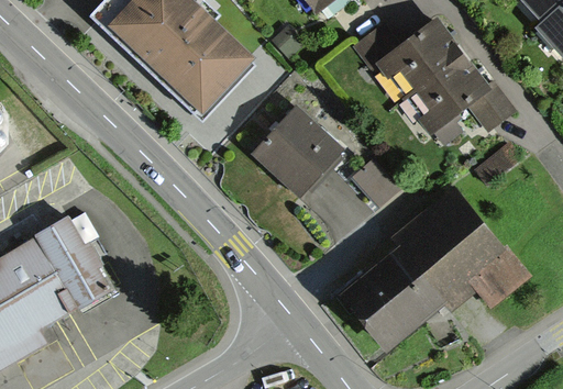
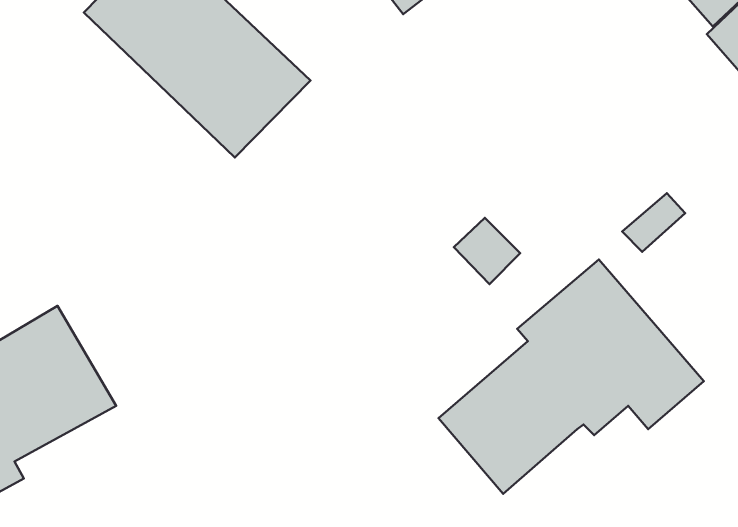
building: [353,16,510,140] -> none
building: [254,103,344,194] -> none

